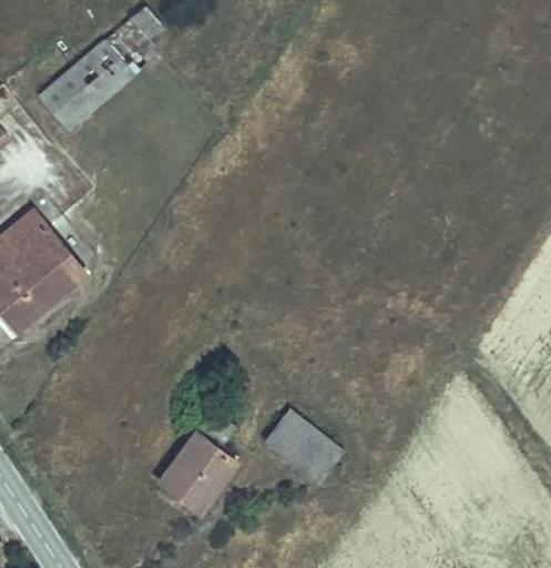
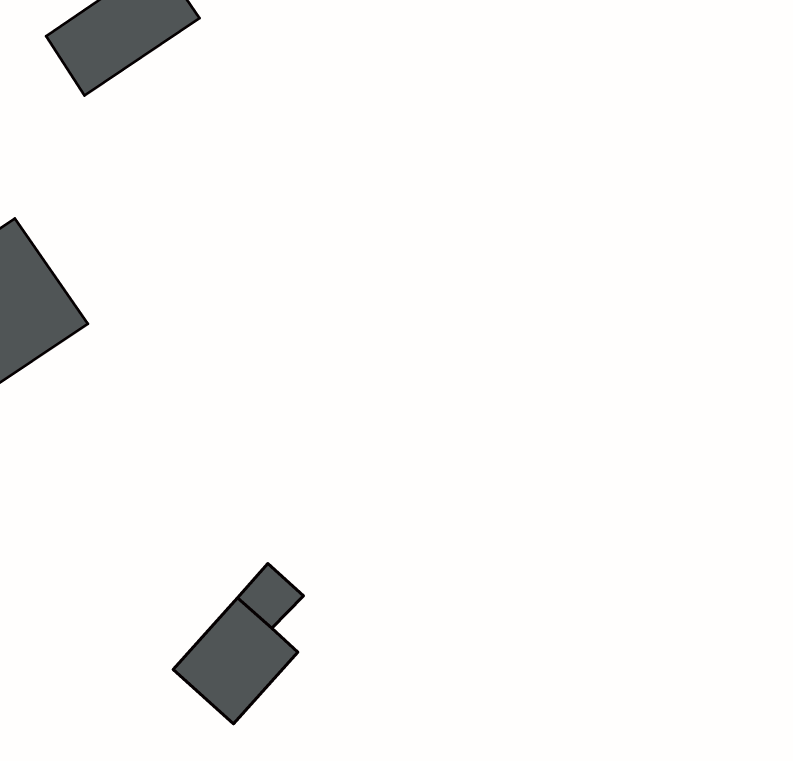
building: [264,408,341,483] -> none

